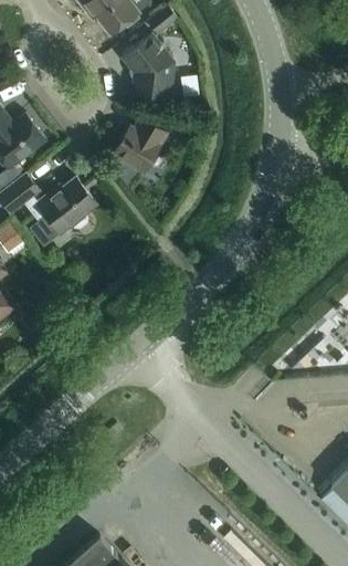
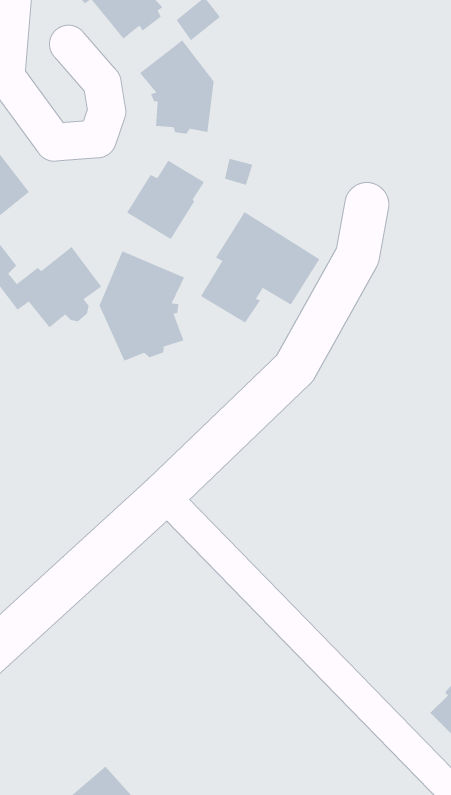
building: none -> [200,211,320,324]
building: none -> [99,250,185,362]

